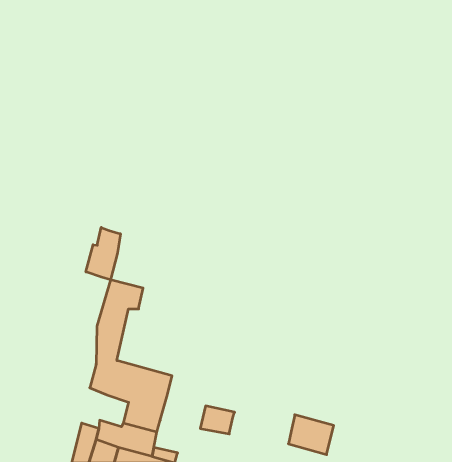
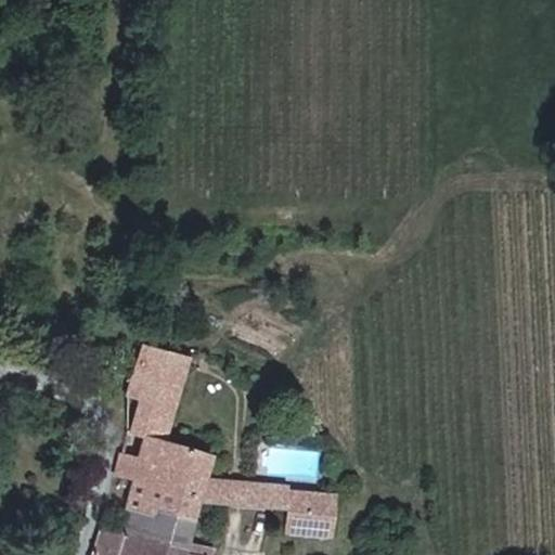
building: [86,227,120,280] -> none
building: none -> [205,476,259,514]
building: [288,415,334,455] -> [284,501,338,548]

